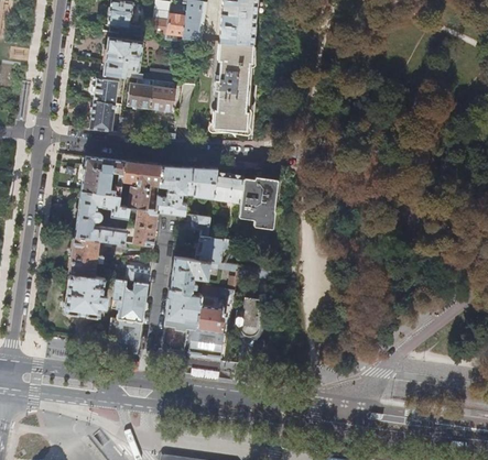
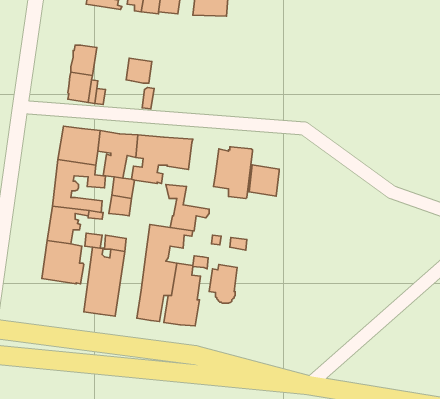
building: [104,37,147,80] -> none
building: [213,43,252,132] -> none
building: [127,80,154,109] -> none
building: [214,173,245,205] -> [249,165,279,196]

